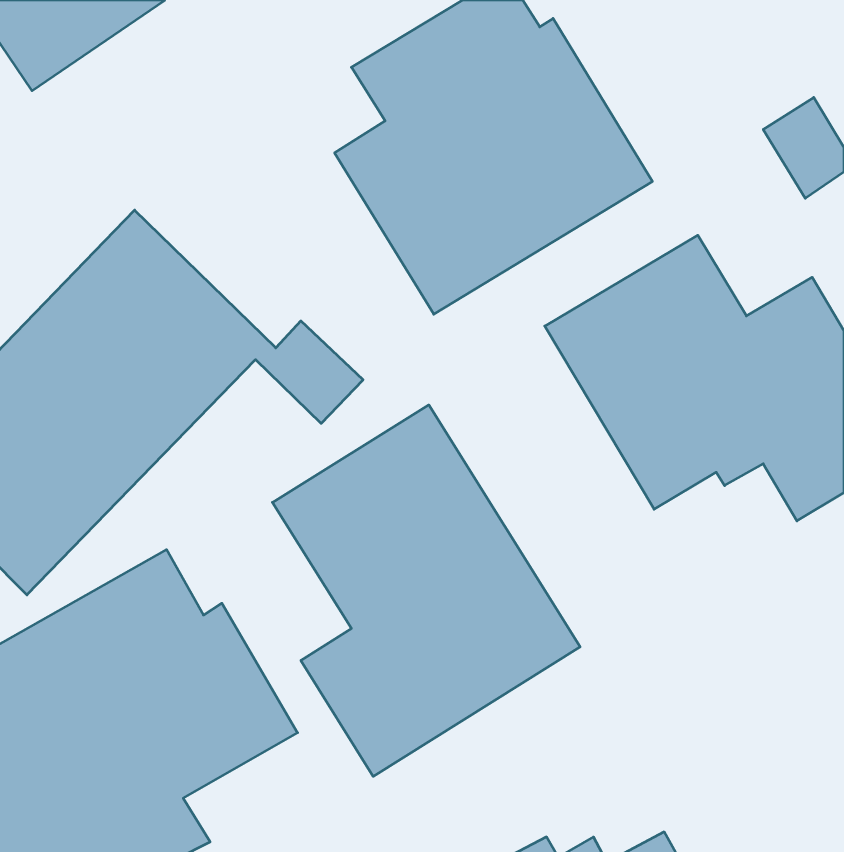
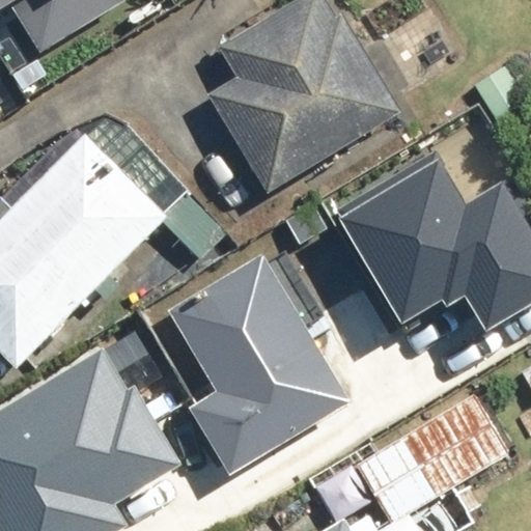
building: none -> [353,395,508,525]

